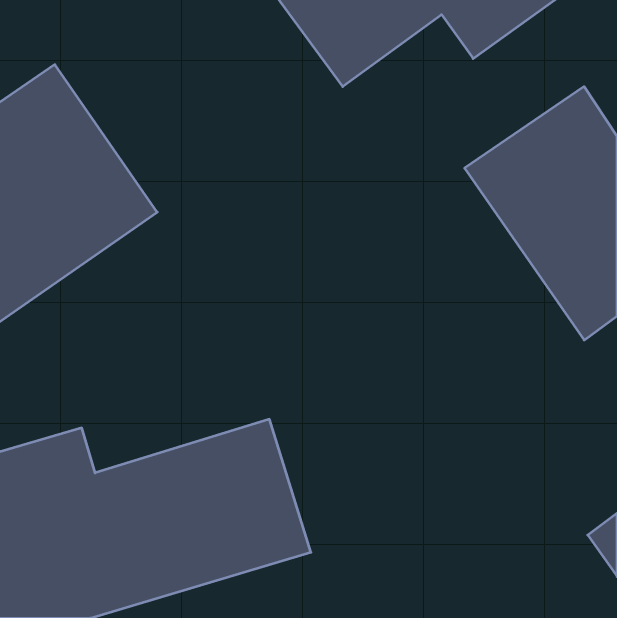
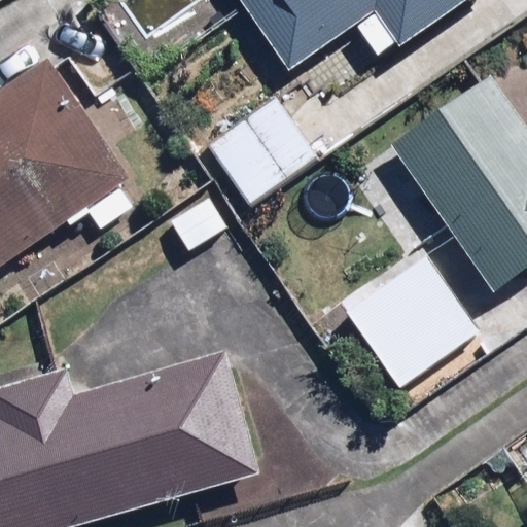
building: none -> [202,93,319,208]
building: none -> [345,256,476,387]

